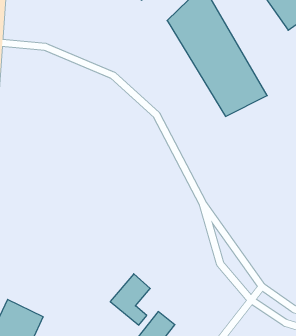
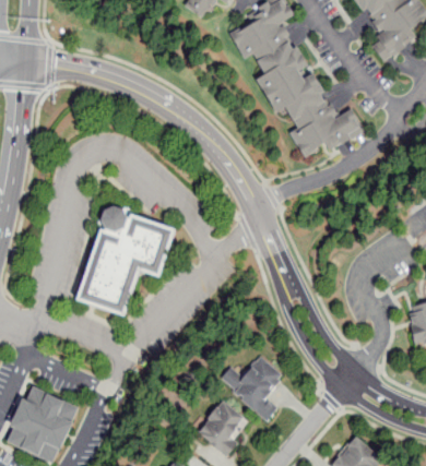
building: none -> [76,205,176,315]
building: [110,274,150,325] -> [227,356,277,420]

